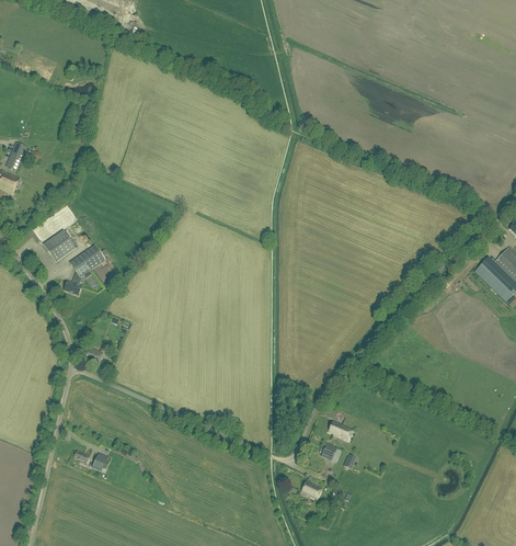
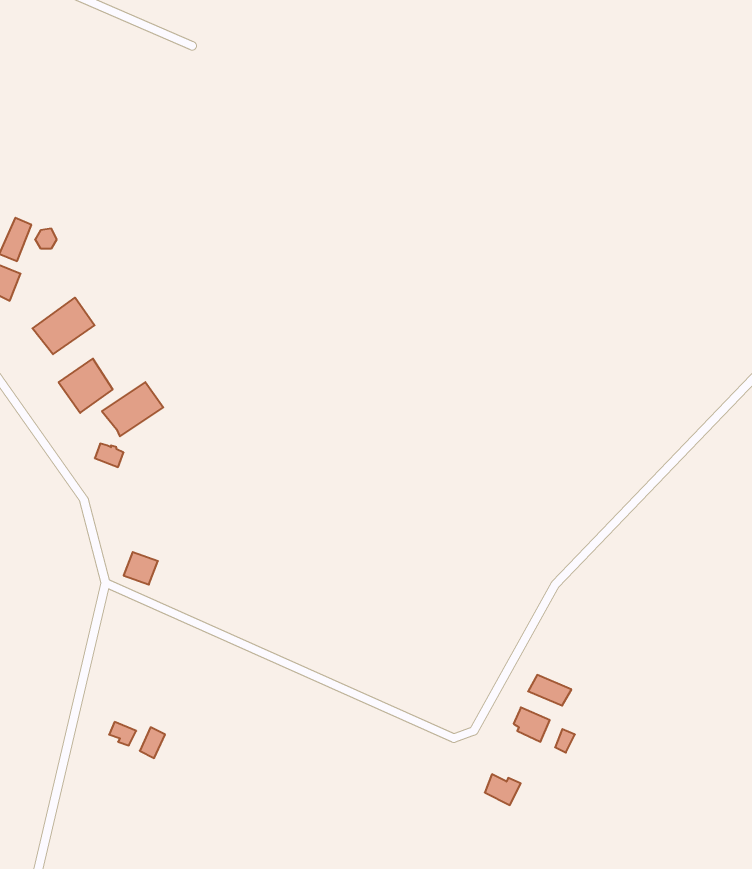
building: none -> [32,298,95,354]

